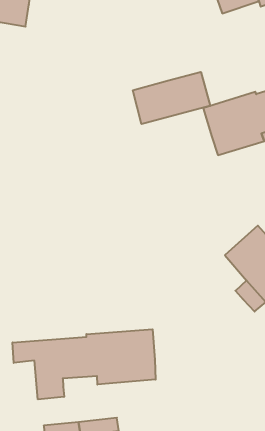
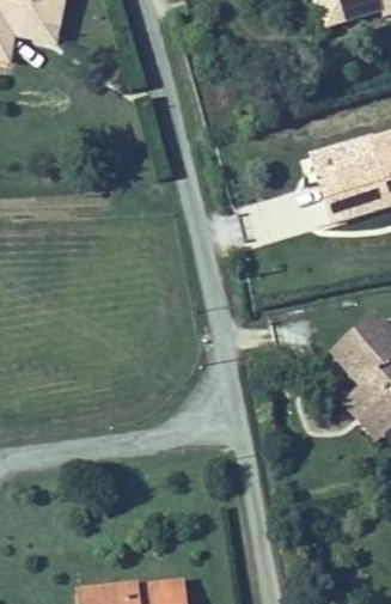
building: [133,72,210,124] -> none
building: [13,329,156,399] -> none

